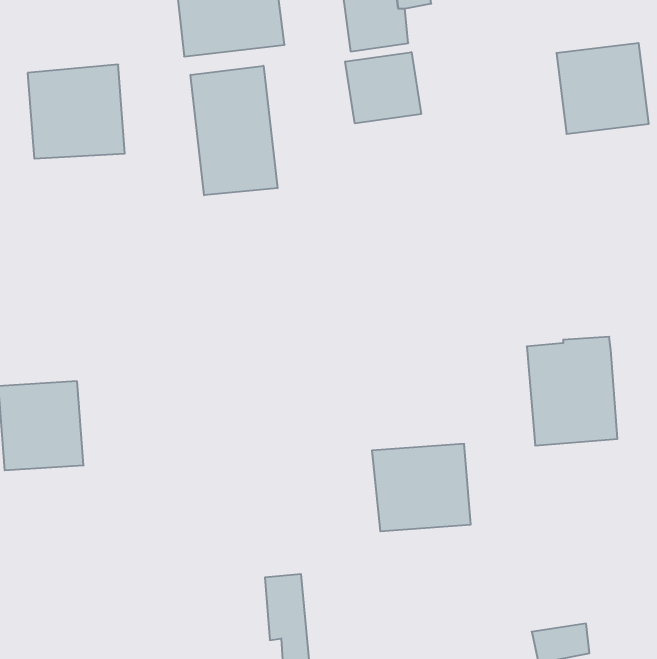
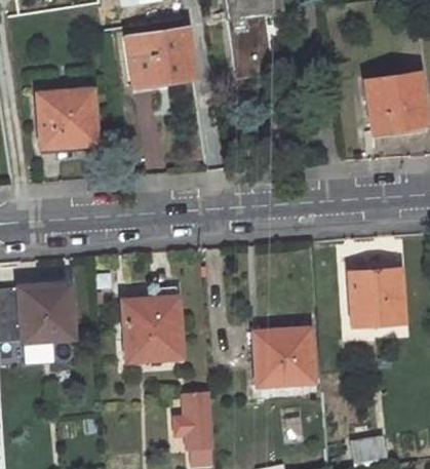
building: [345,52,421,123] -> none
building: [191,66,277,195] -> none
building: none -> [123,297,182,360]

